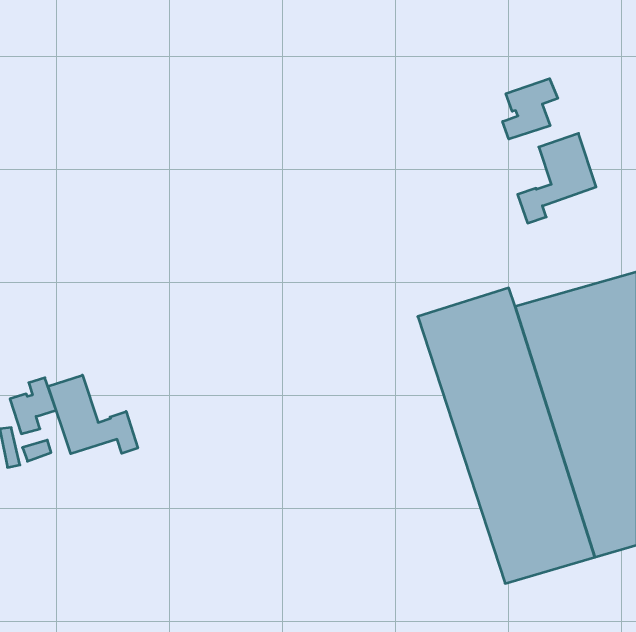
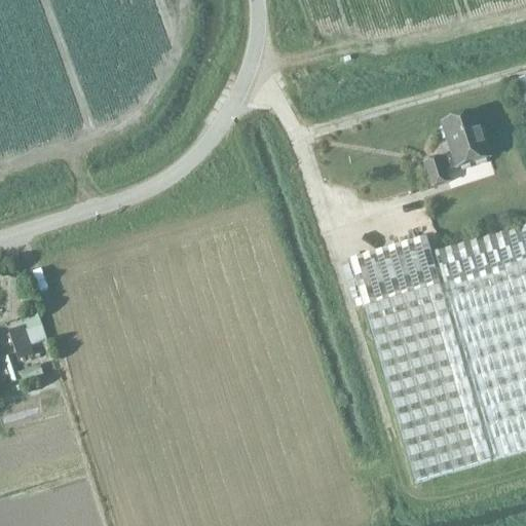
building: [503,79,558,139] -> none
building: [48,375,138,454] -> none

